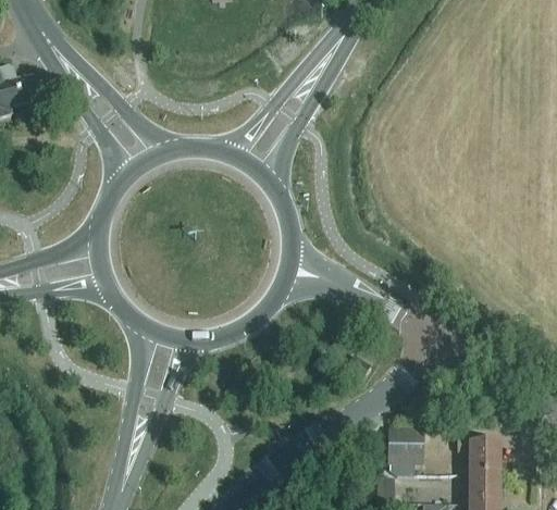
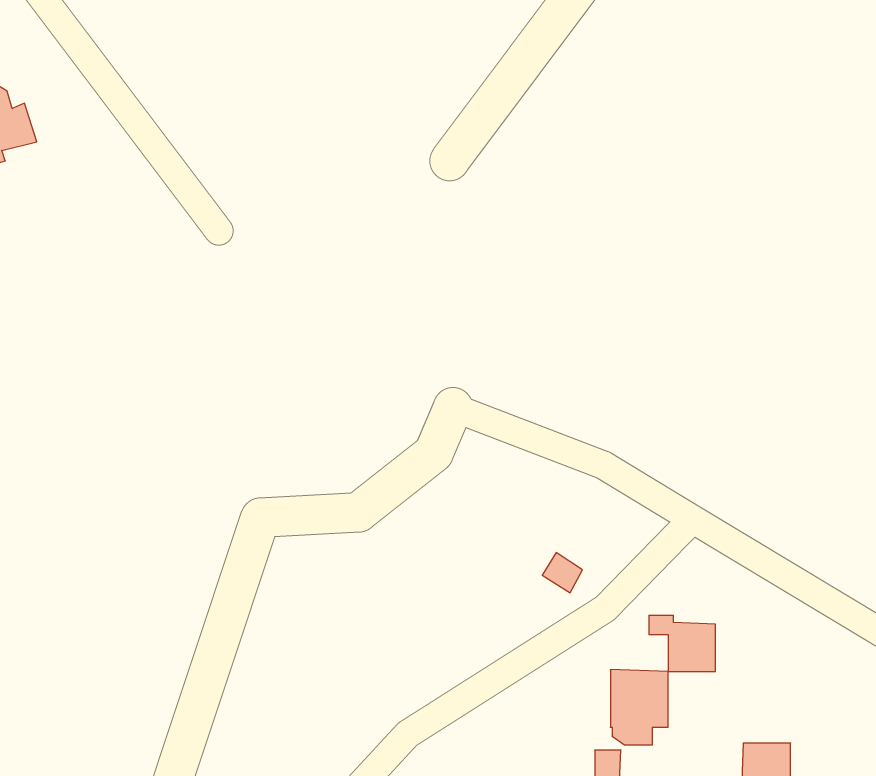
building: [458,439,499,474] -> [649,615,715,671]

